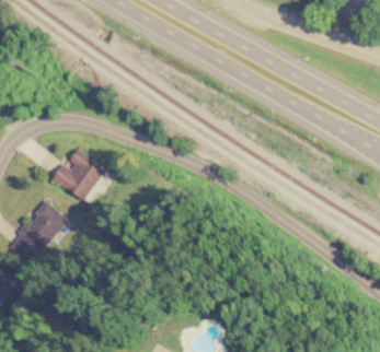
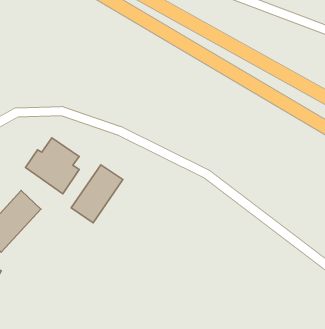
building: none -> [71,165,123,223]

